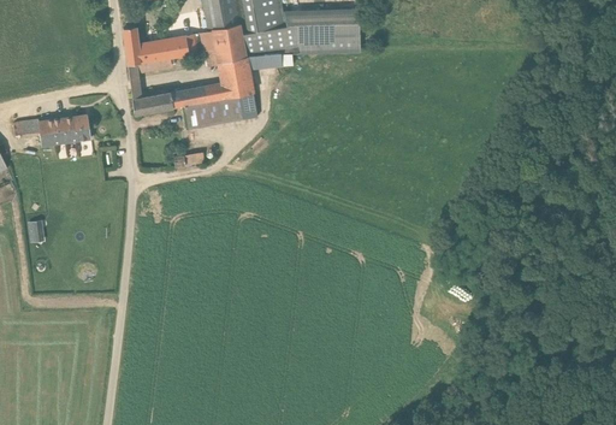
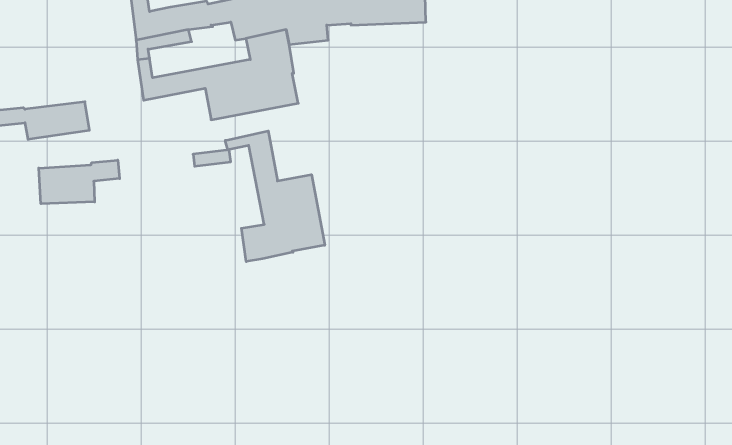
building: none -> [225,131,325,262]
building: none -> [39,160,120,204]

